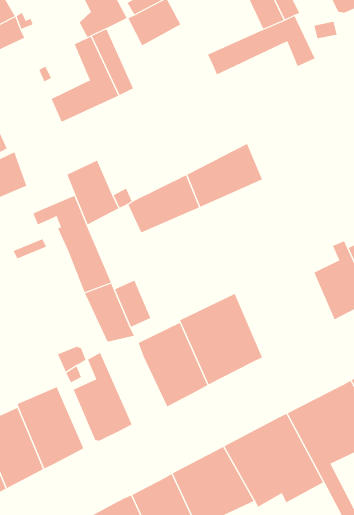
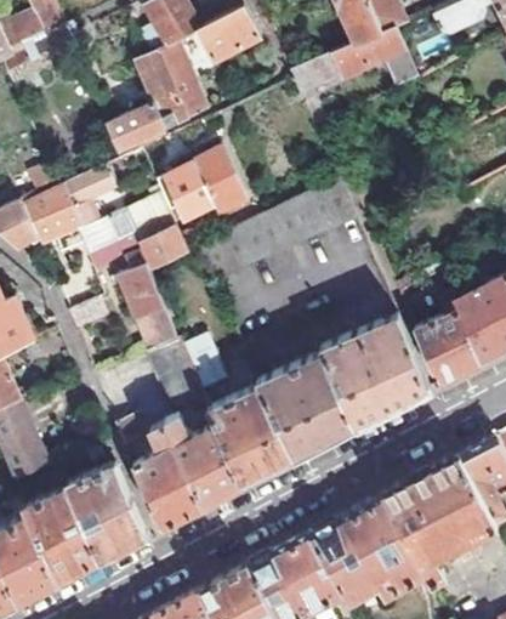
building: none -> [163,159,228,221]
building: none -> [66,167,136,257]
building: none -> [322,314,431,428]
building: none -> [166,415,244,507]

